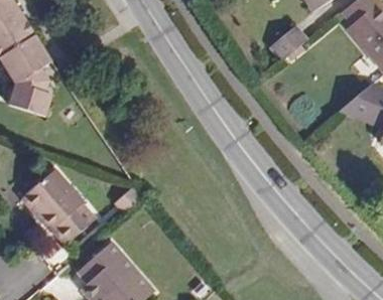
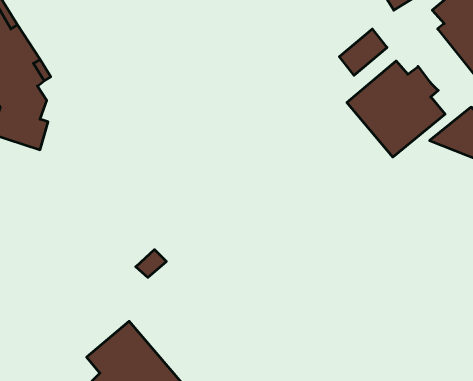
building: none -> [347,61,445,157]
building: [23,172,97,249] -> none

